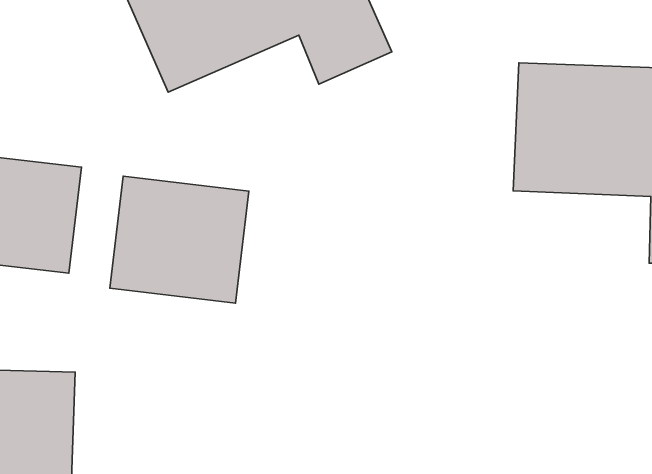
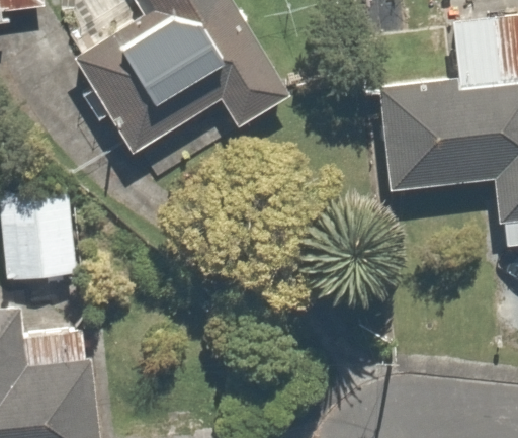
building: [110,176,249,303] -> none

